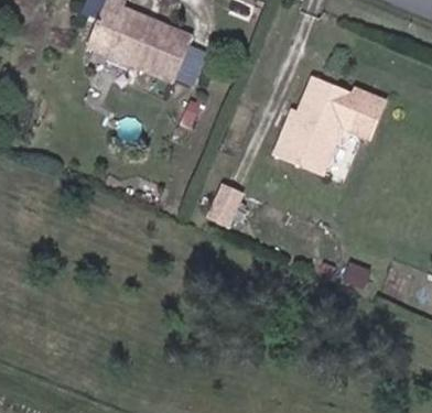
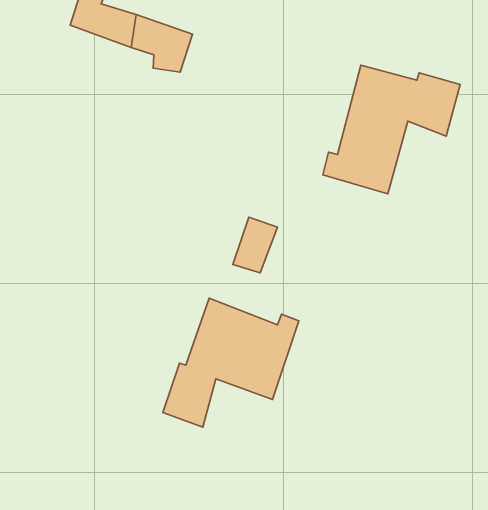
building: [89,29,179,86] -> none
building: none -> [163,298,299,427]

